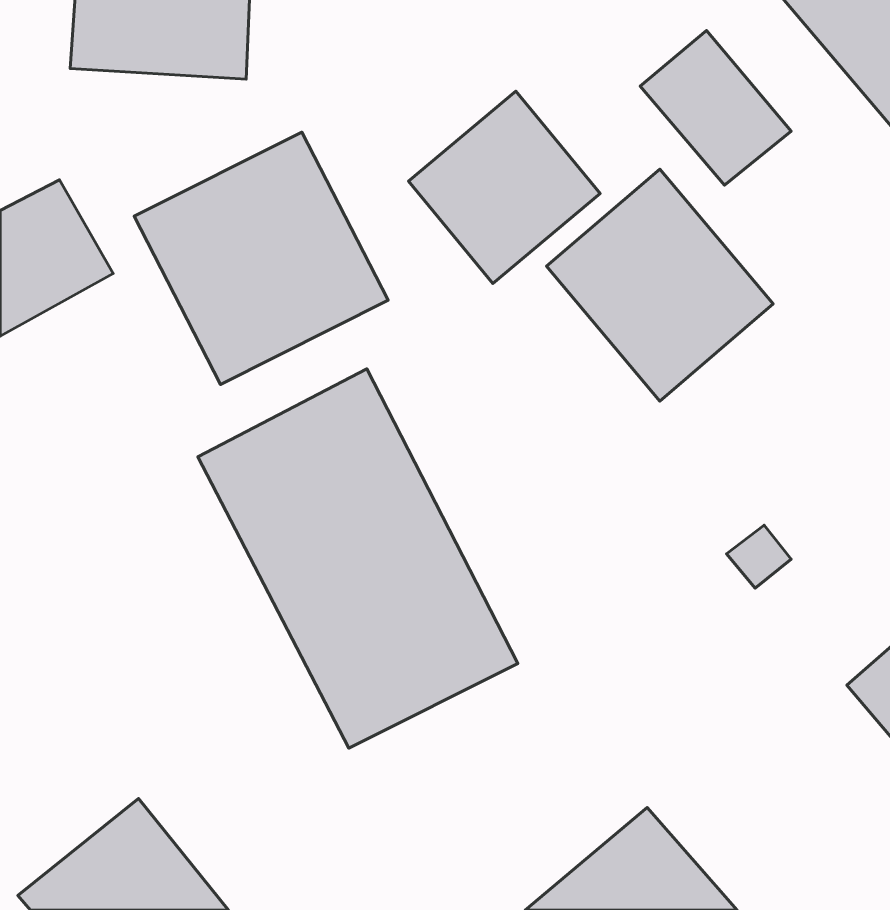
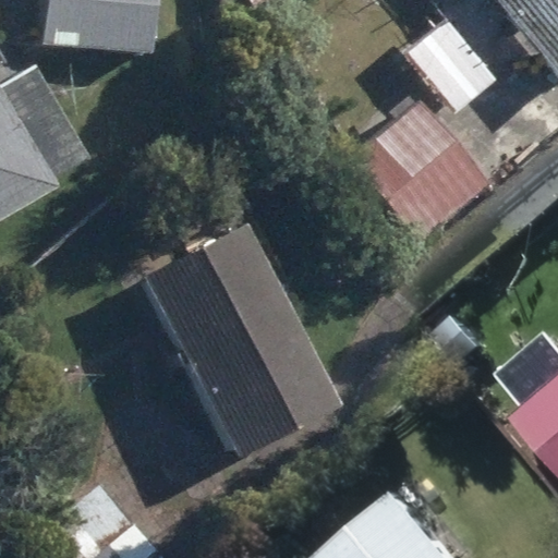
building: [409,91,600,283] -> none
building: [134,132,388,384] -> none

